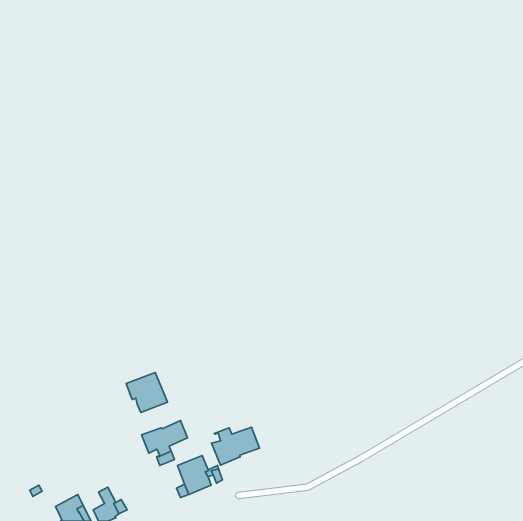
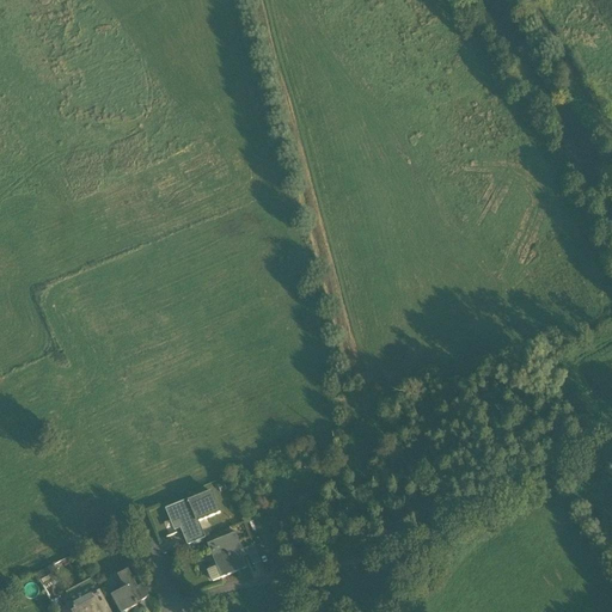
building: [126,372,167,413] -> none
building: [211,427,260,465] -> none

